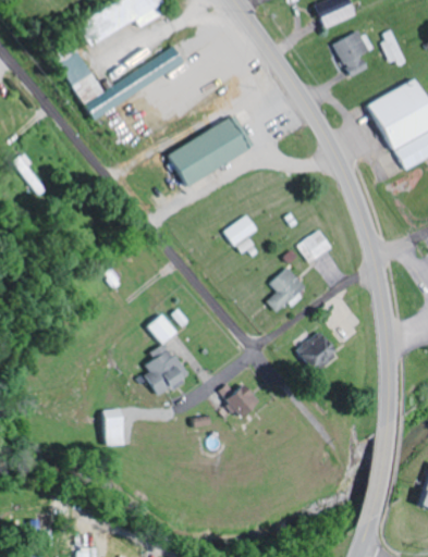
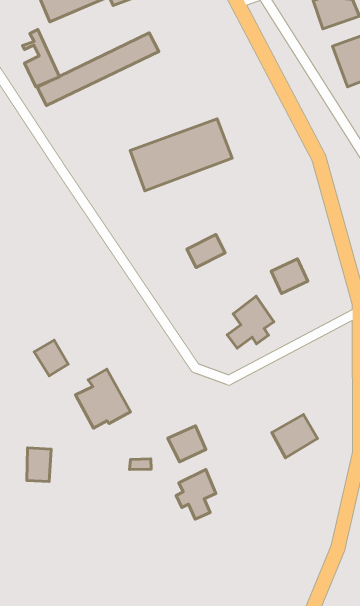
building: [146,313,176,345] -> [34,340,68,376]
building: [295,332,335,371] -> [272,414,318,458]
building: none -> [176,470,216,519]

